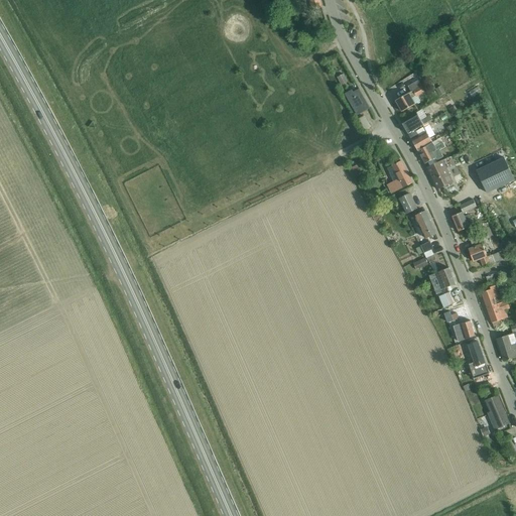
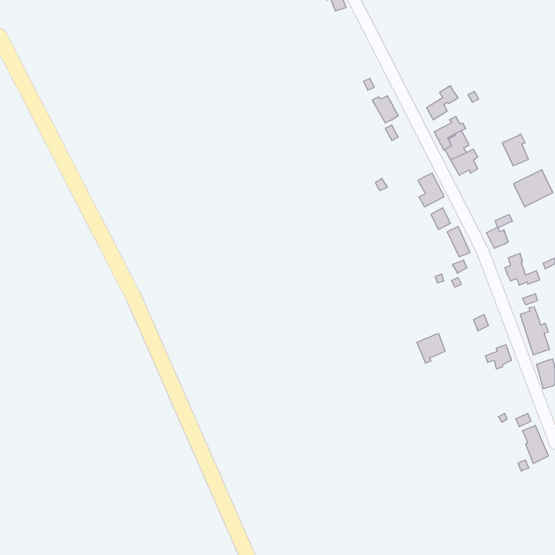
building: [426,158,450,187] -> [502,134,528,166]
building: [428,267,455,294] -> [417,334,445,363]
building: [468,340,488,378] -> none

